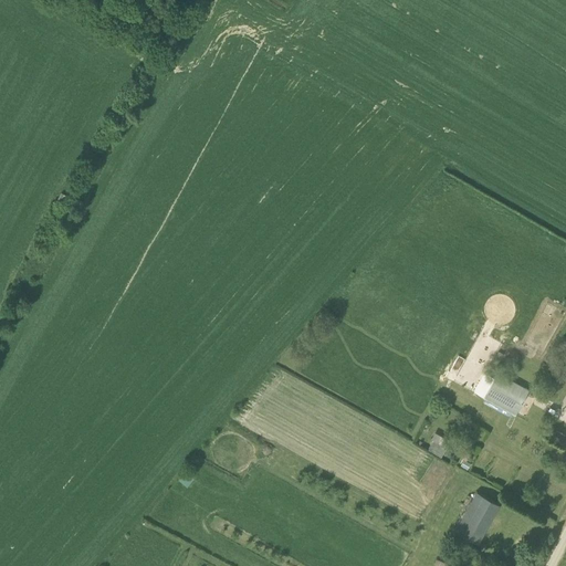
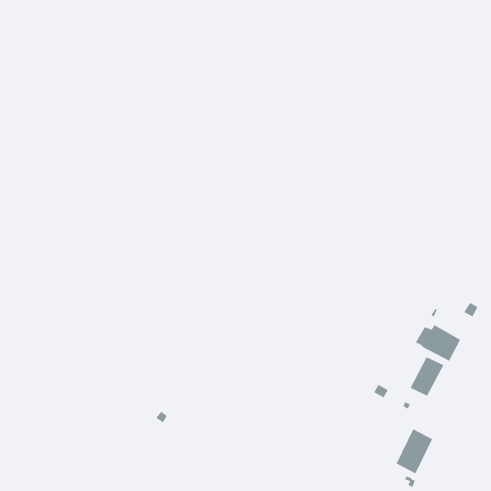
building: none -> [409,356,444,397]

